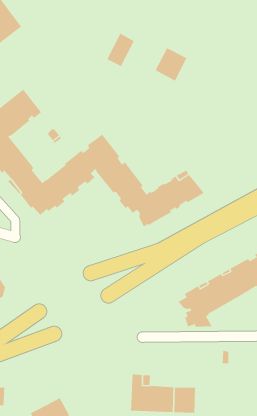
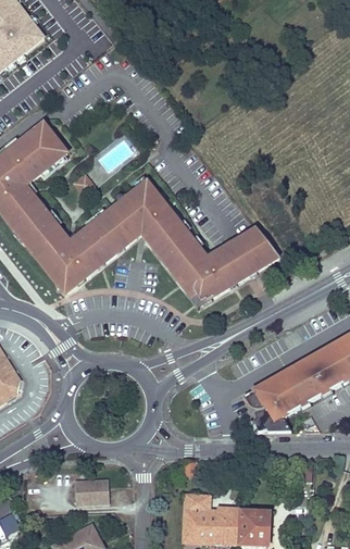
building: [107,33,135,67] -> none
building: [155,47,187,82] -> none
building: none -> [75,476,109,501]

